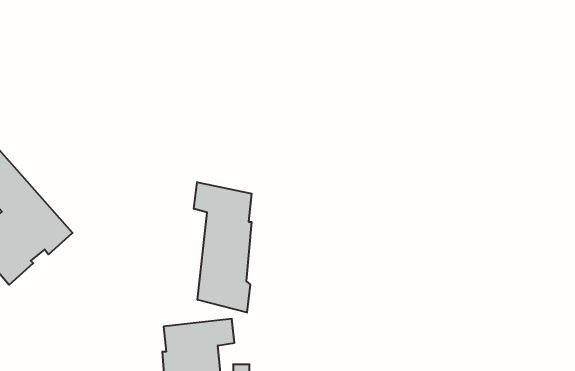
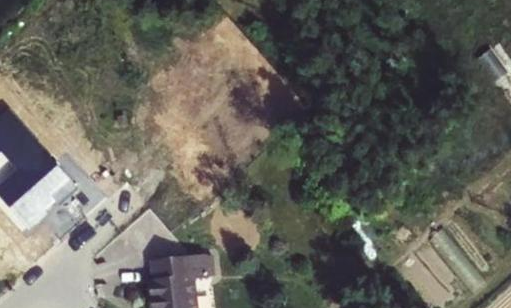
building: [194,182,252,313] -> none

